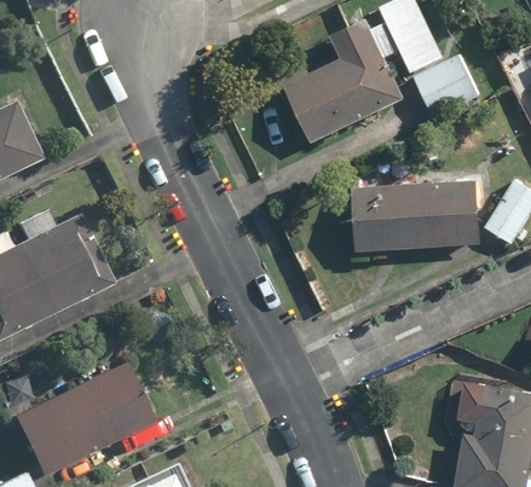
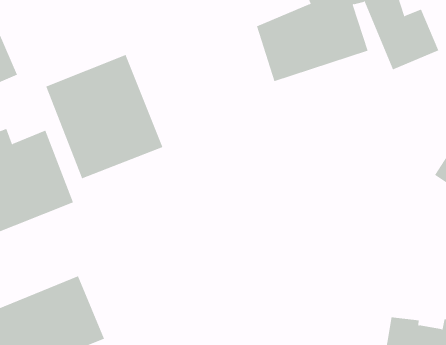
building: none -> [45,54,163,179]
building: [356,179,483,249] -> none

